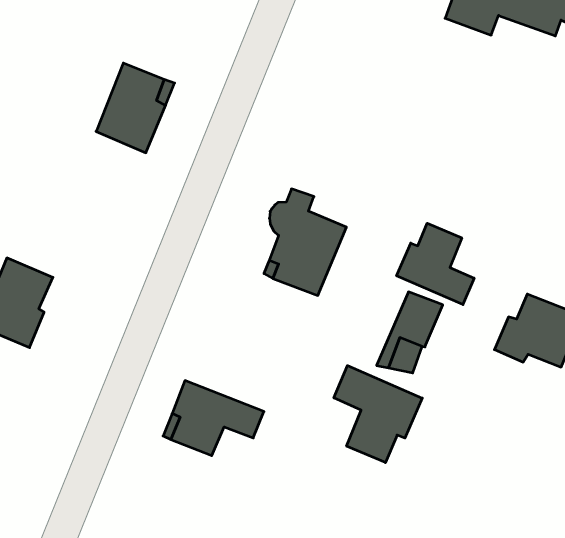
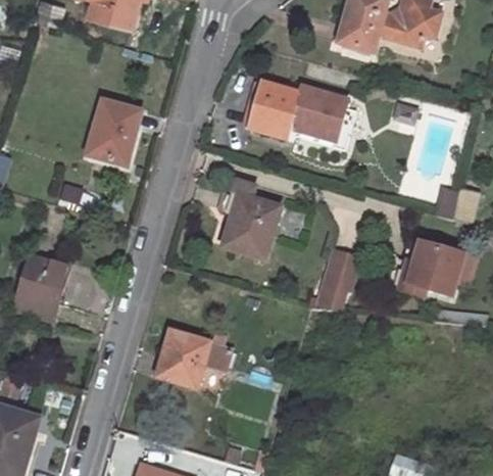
building: none -> [250,83,348,138]
building: [397,223,474,305] -> none
building: [334,366,422,463] -> none

